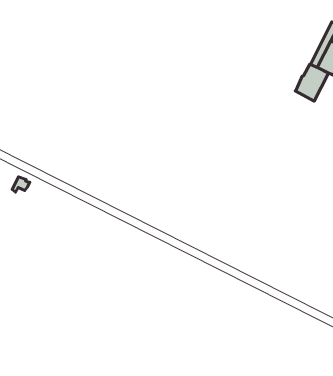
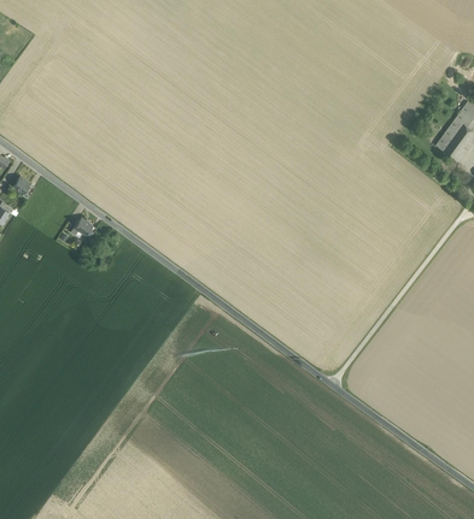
building: [295,64,328,101] -> none

